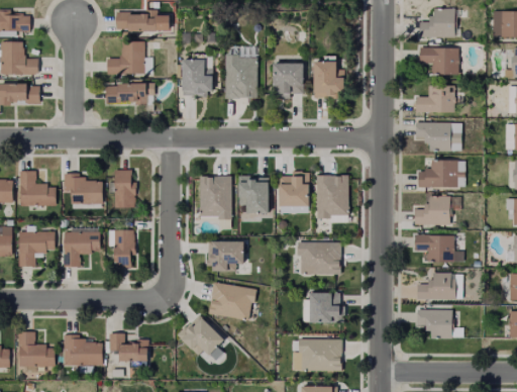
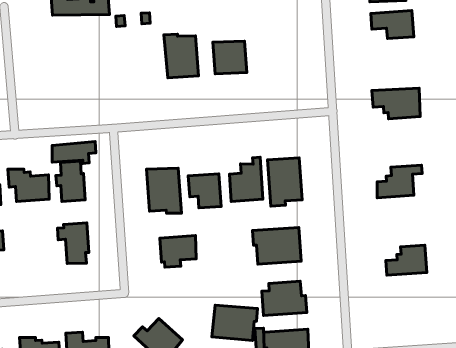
building: [109,39,145,72] -> none
building: [179,61,210,94] -> none
building: [309,63,341,97] -> none
building: [107,84,149,104] -> [52,141,96,163]
building: [417,84,456,110] -> none
building: [420,159,459,187] -> none
building: [66,231,102,266] -> none
building: [417,234,454,262] -> none
building: [208,286,253,322] -> [212,305,258,340]
building: [419,308,466,335] -> none

